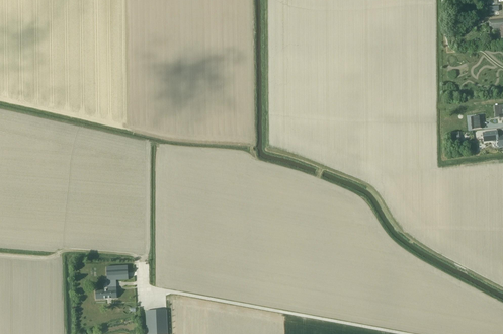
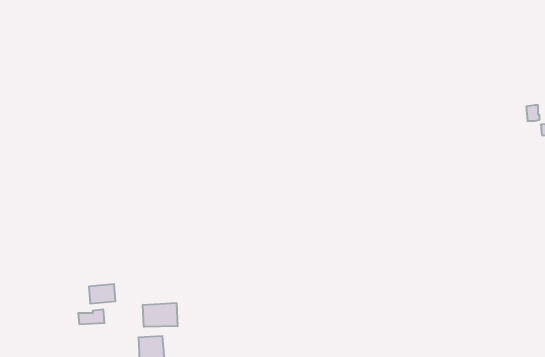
building: none -> [143,303,178,327]

